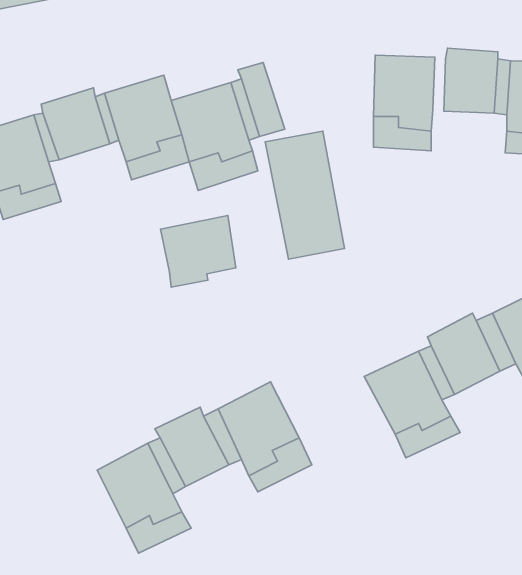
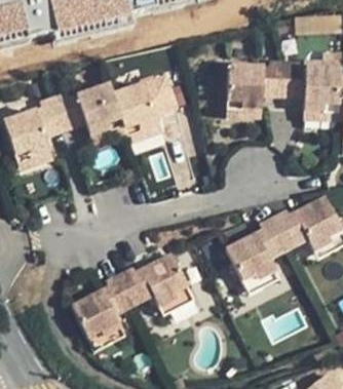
building: [160,215,236,287] -> none

